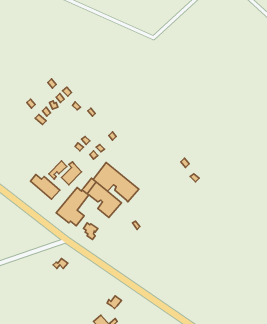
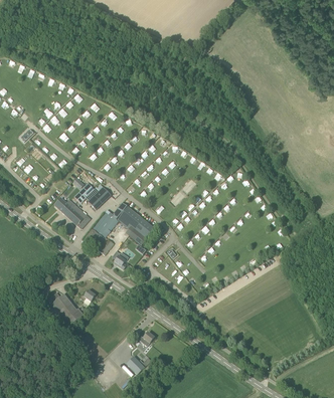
building: [93,163,139,202] -> none
building: none -> [51,293,84,327]

